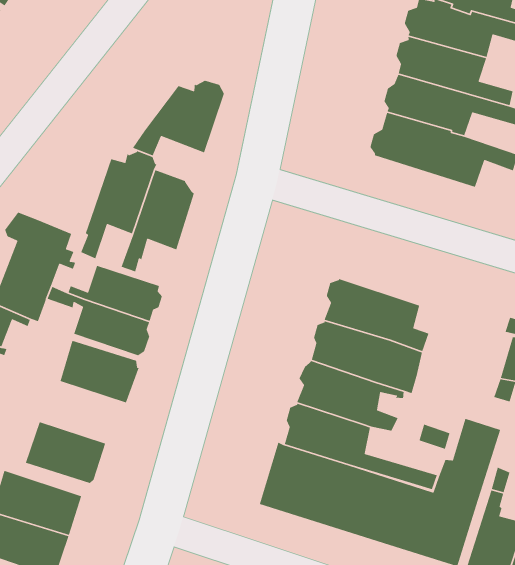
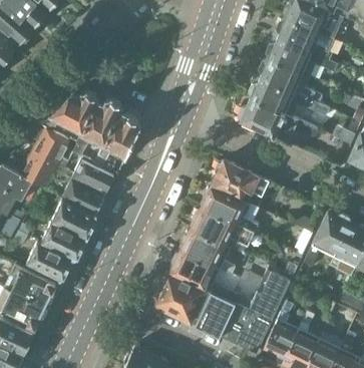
building: [132,80,225,156] -> [42,92,97,133]
building: none -> [213,159,269,207]
building: none -> [38,221,87,259]

